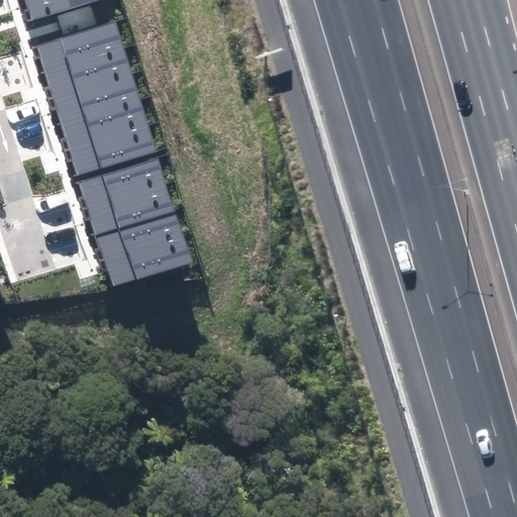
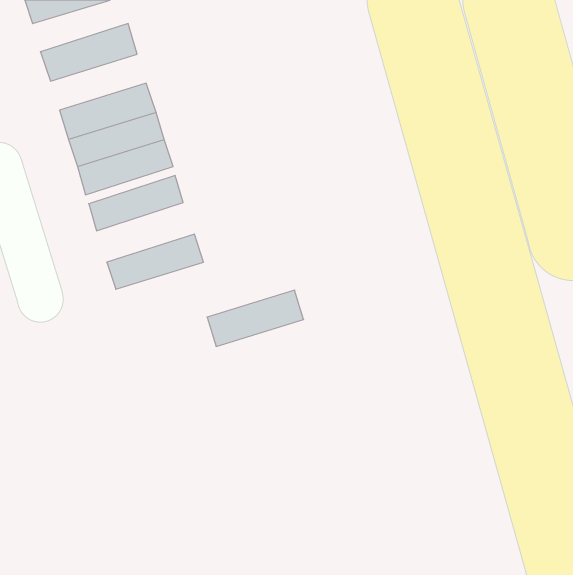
building: [45,48,131,99] -> none
building: [87,182,175,235] -> none
building: [104,235,191,286] -> [207,290,304,346]

